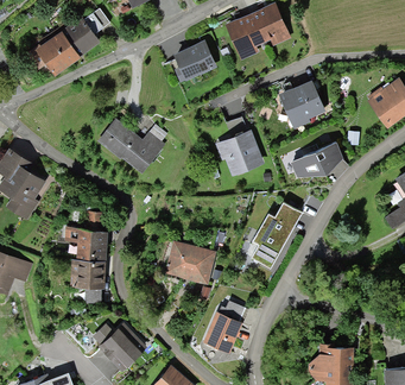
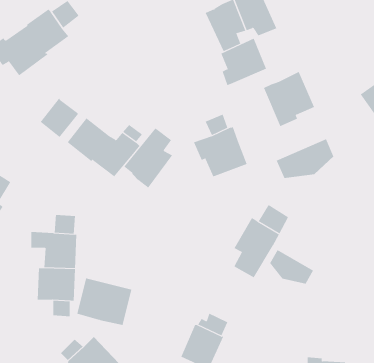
building: [173,39,216,83] -> [220,38,267,86]
building: none -> [40,97,78,138]
building: none -> [123,127,173,189]
building: [165,240,216,284] -> [77,278,132,326]
building: none -> [269,249,314,284]

